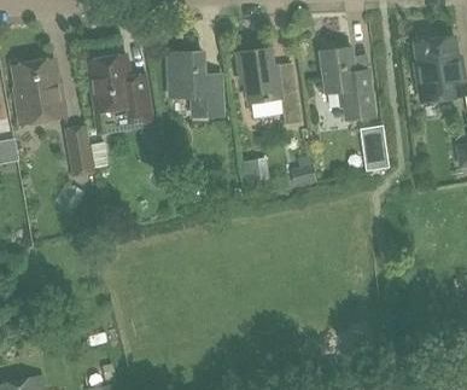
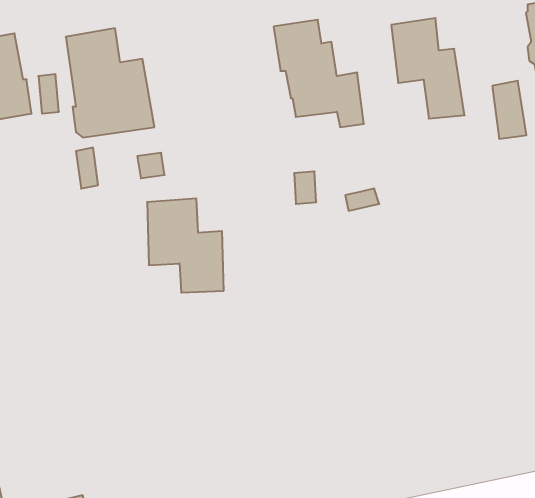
building: [168,51,222,117] -> [147,199,224,292]
building: [65,127,92,175] -> none
building: [362,128,386,169] -> [492,81,526,139]

